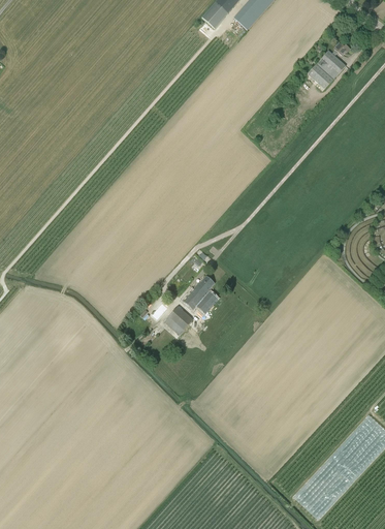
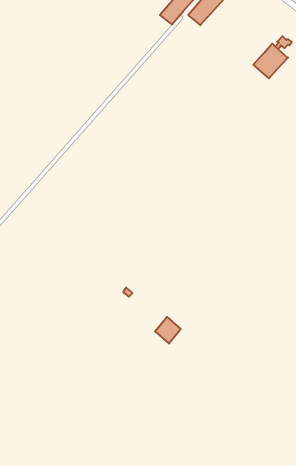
building: [183,275,218,313] -> none
building: [164,305,193,335] -> [155,317,181,344]

